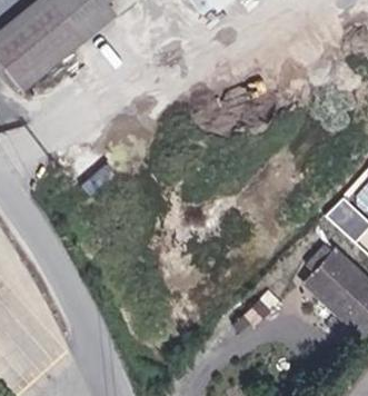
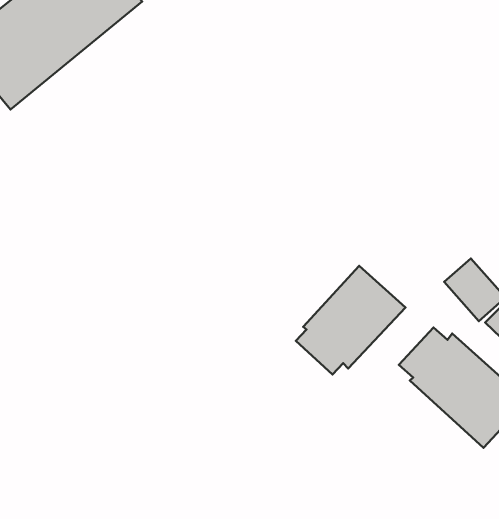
building: none -> [296,266,406,374]

